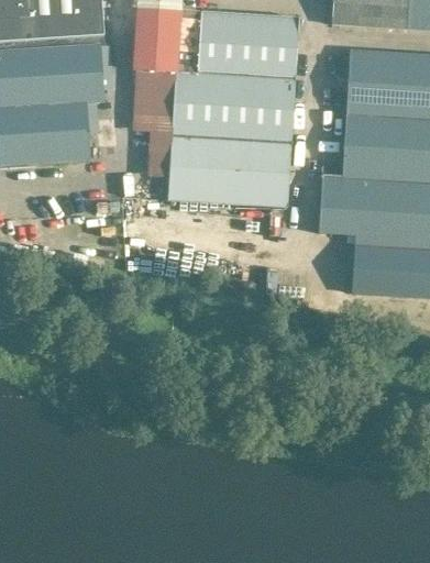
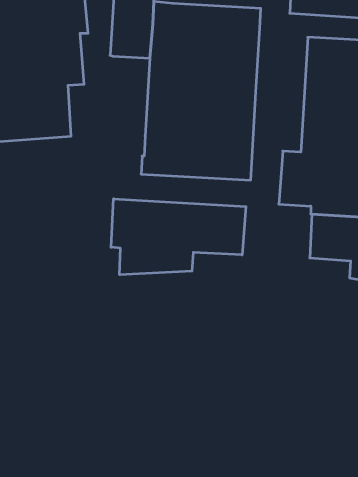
building: [133,70,177,158] -> none
building: none -> [111,199,246,275]

